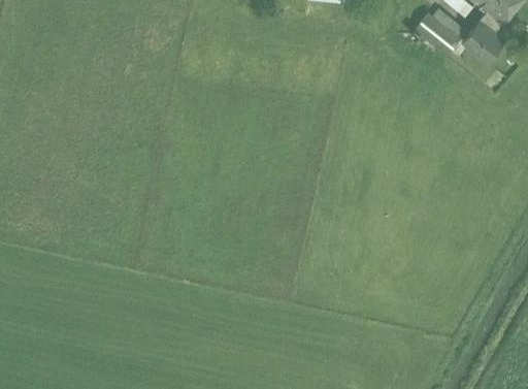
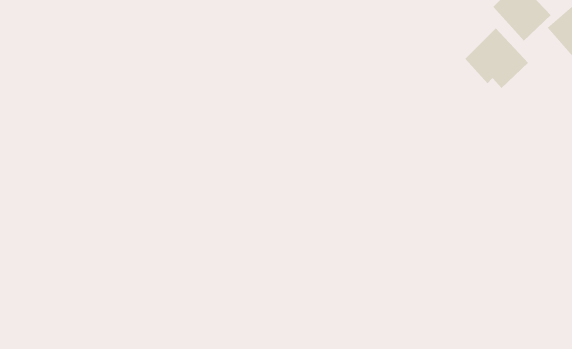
building: none -> [464,28,529,89]

